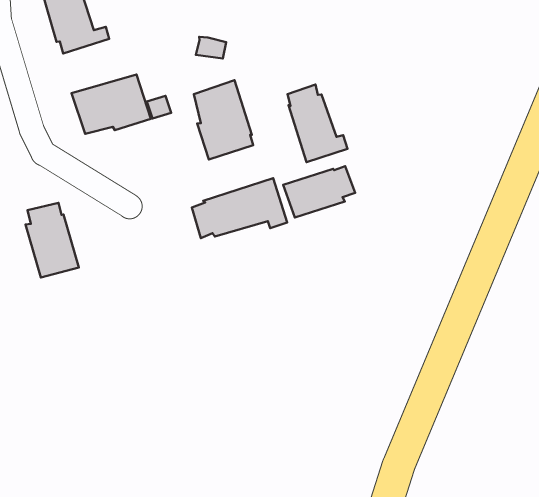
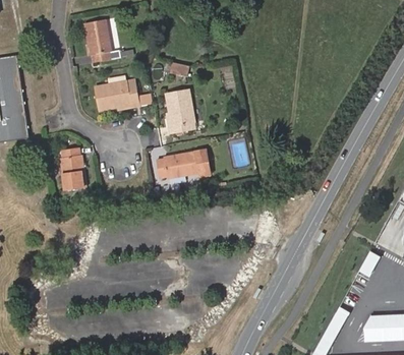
building: [288,85,347,162] -> none
building: [283,166,355,218] -> none

